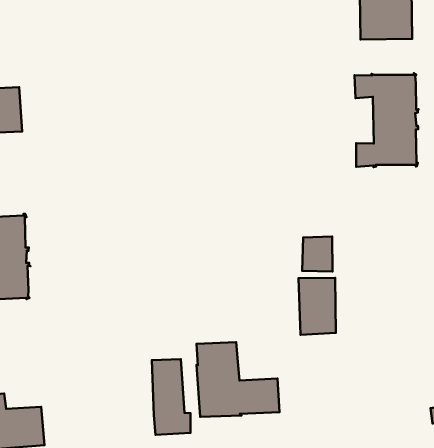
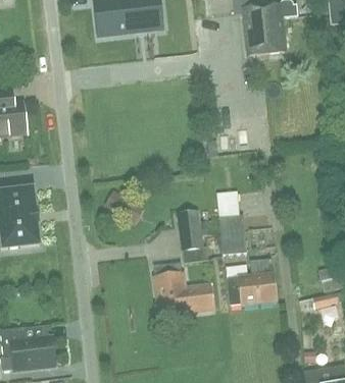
building: [354,73,419,167] -> none
building: none -> [228,259,277,305]
building: [152,359,191,435] -> [179,211,208,263]

